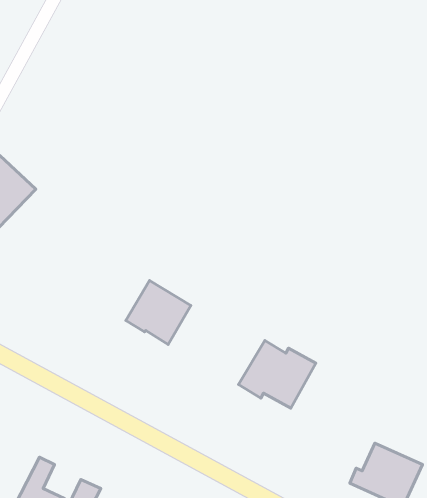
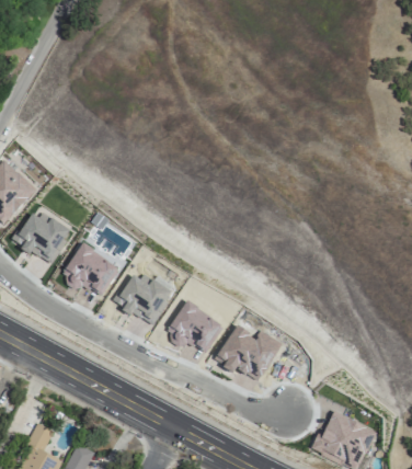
building: none -> [12,208,70,264]
building: none -> [61,244,118,296]
building: none -> [167,299,224,353]

